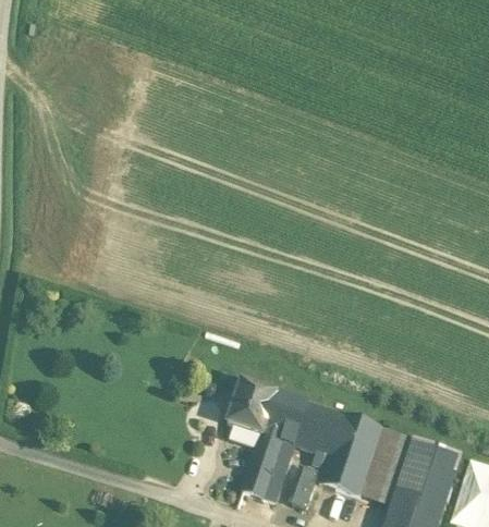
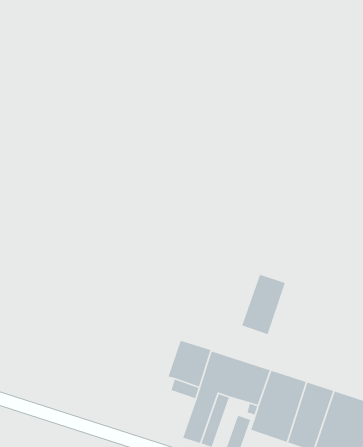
building: none -> [241,274,286,335]

